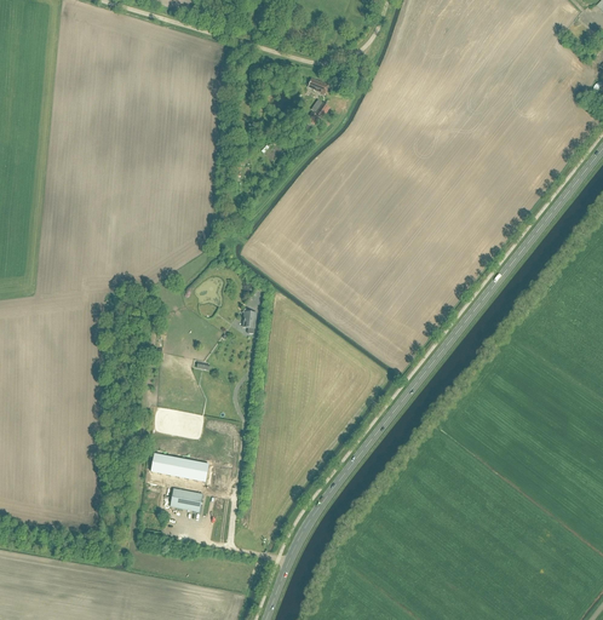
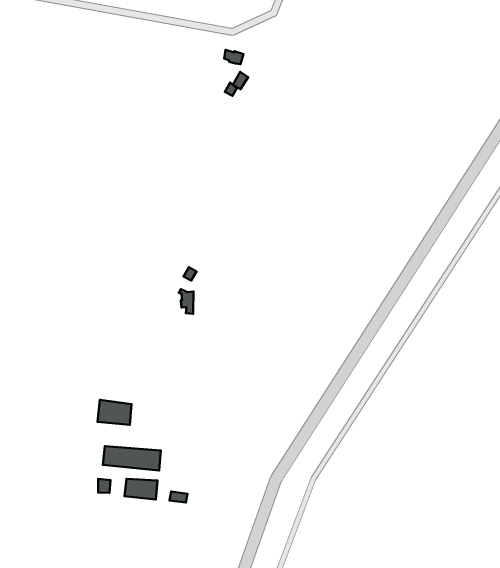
building: none -> [98,400,132,425]

